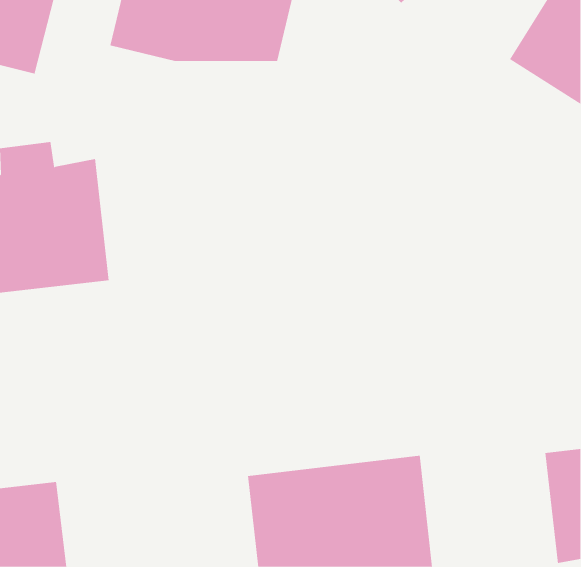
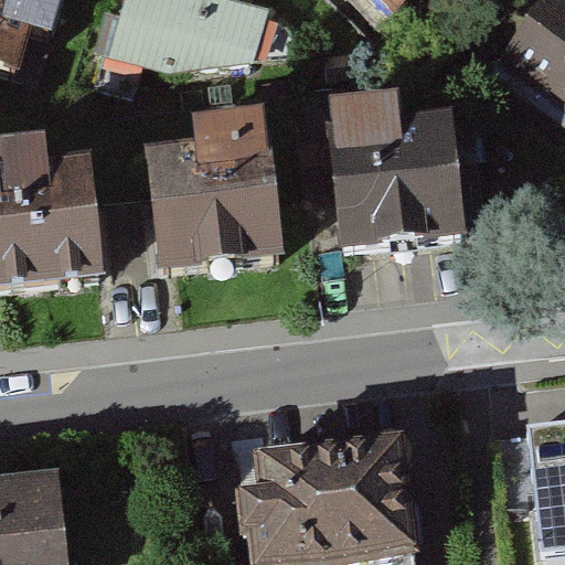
building: none -> [329,98,476,245]
building: none -> [146,110,282,265]

